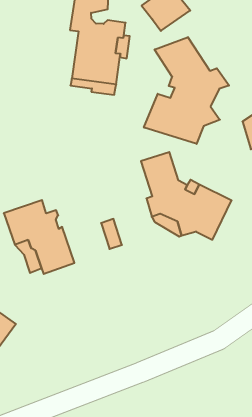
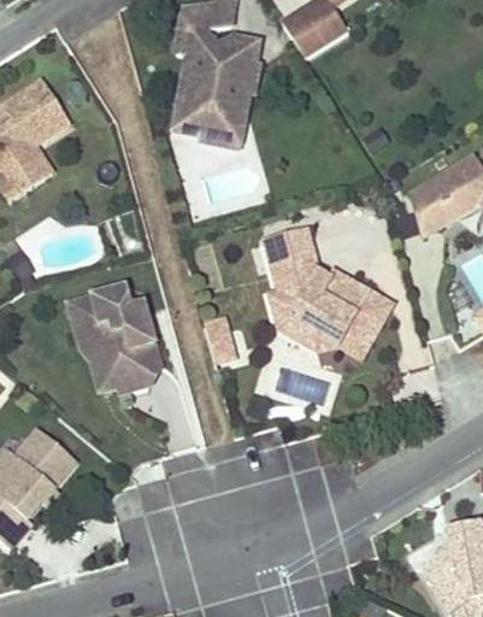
building: [144,37,229,144] -> none

